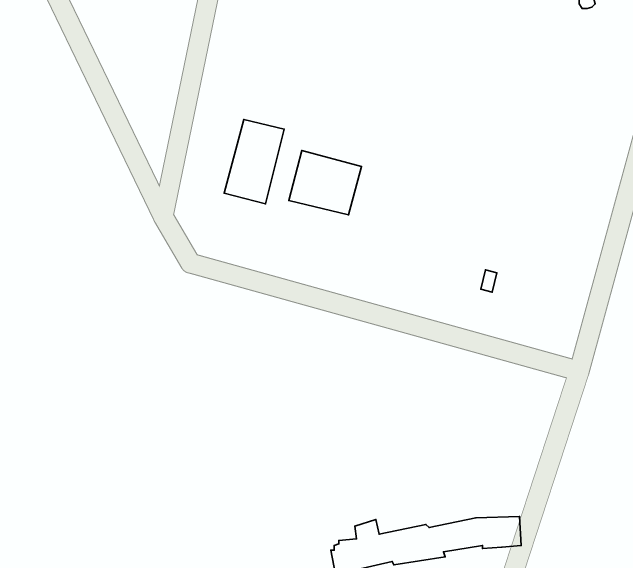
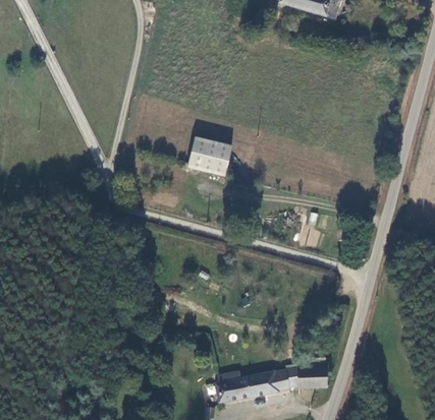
building: [224,119,284,204] -> none

